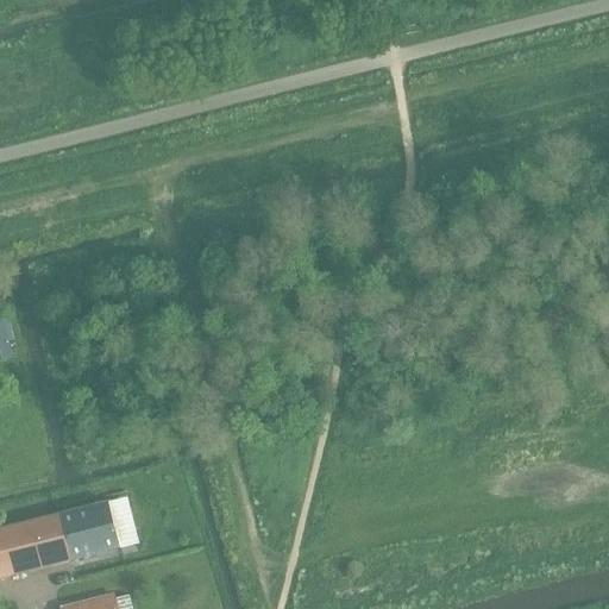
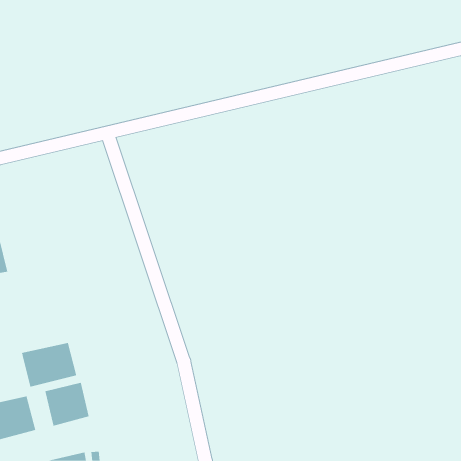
building: none -> [21,342,77,387]

